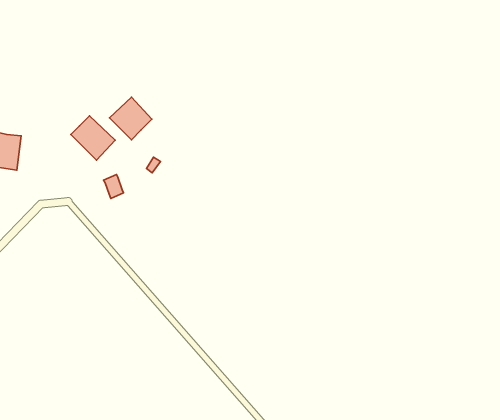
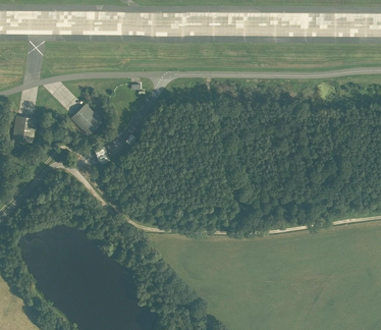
building: [110,97,152,140] -> none

